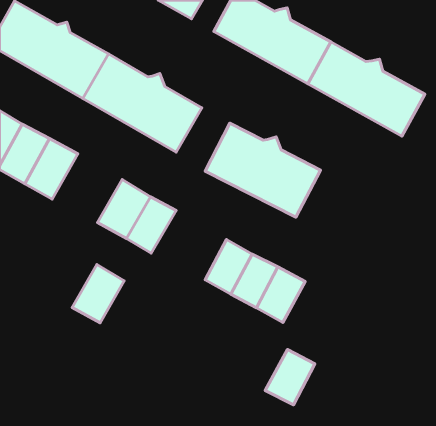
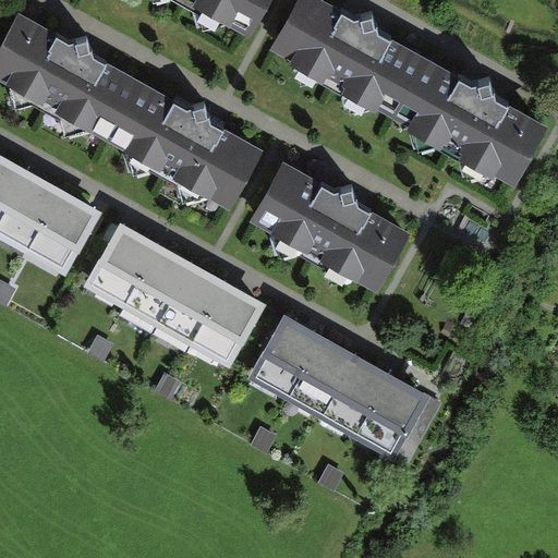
building: none -> [92,225,156,298]
building: [72,265,124,323] -> [193,282,259,356]
building: [265,349,315,405] -> [361,373,424,444]

